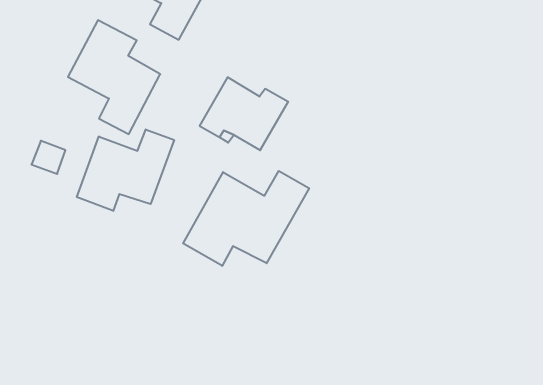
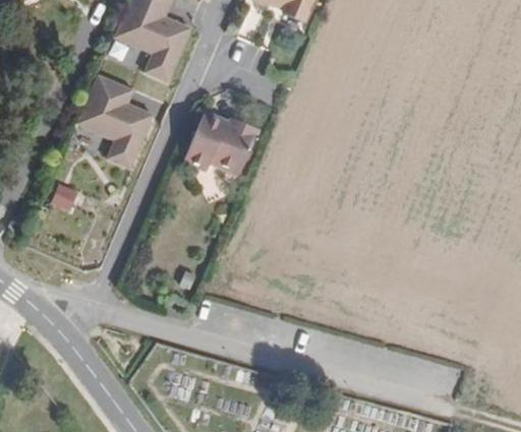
building: [77,129,174,211] -> none
building: [183,171,309,266] -> none

